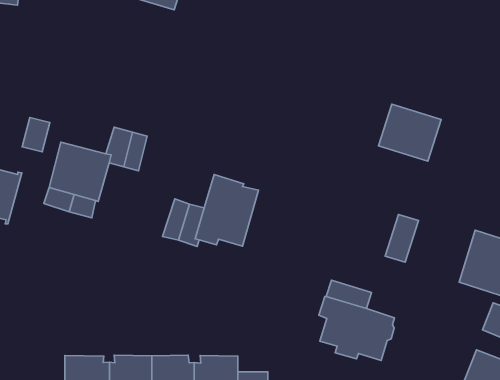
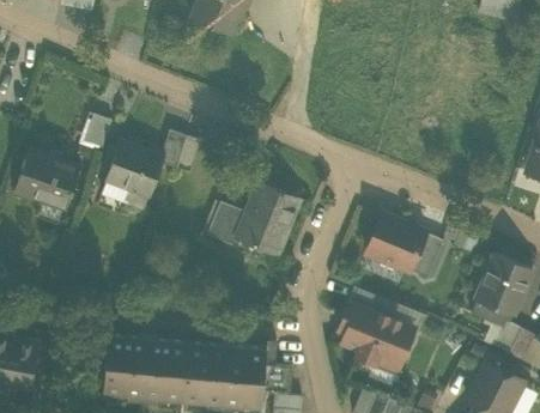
building: [378,104,441,161] -> [365,217,425,272]

